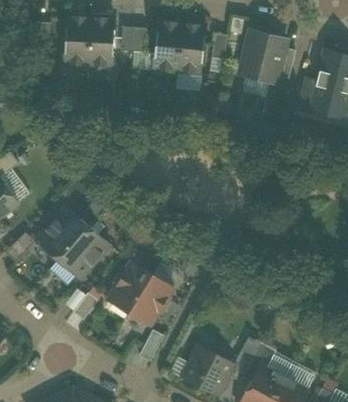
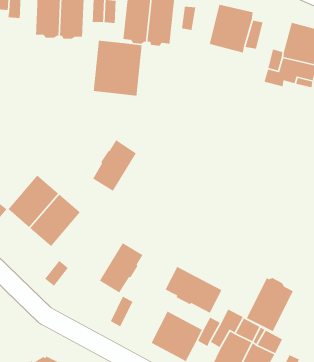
building: none -> [93,40,142,97]
building: [107,261,152,314] -> [92,139,137,192]
building: none -> [164,266,223,314]
building: none -> [246,277,294,332]

